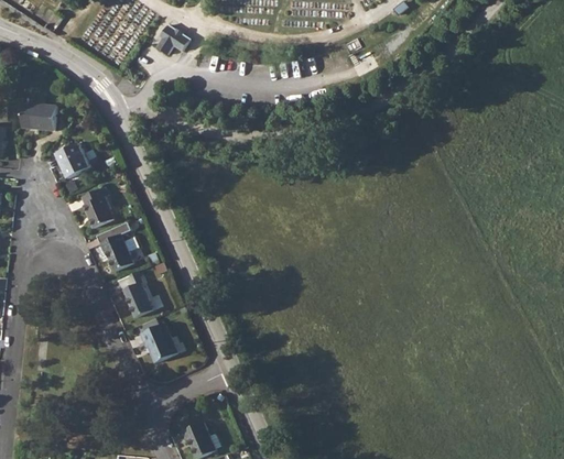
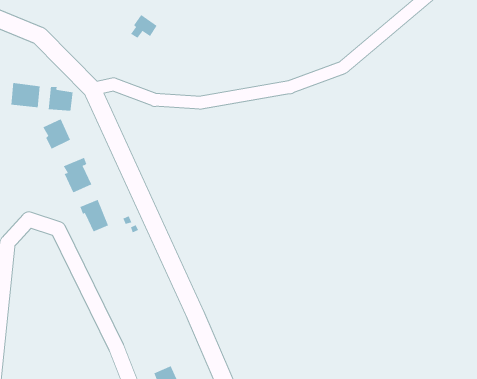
building: none -> [48,86,73,112]
building: [121,270,153,316] -> none
building: [140,319,178,361] -> none

